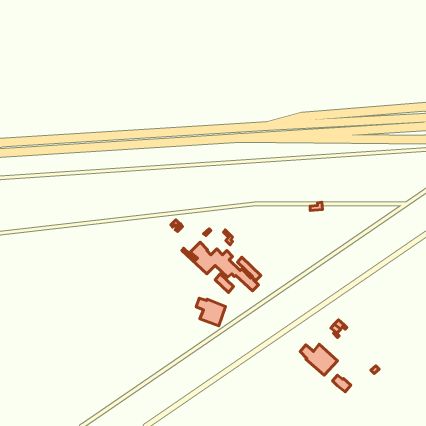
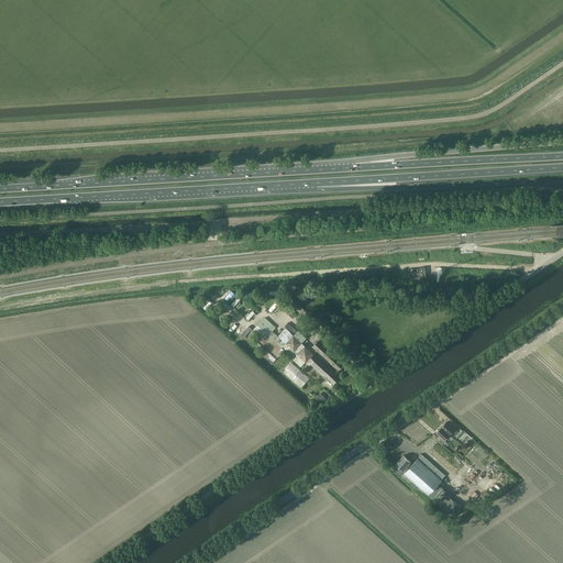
building: [196,298,225,326] -> none

